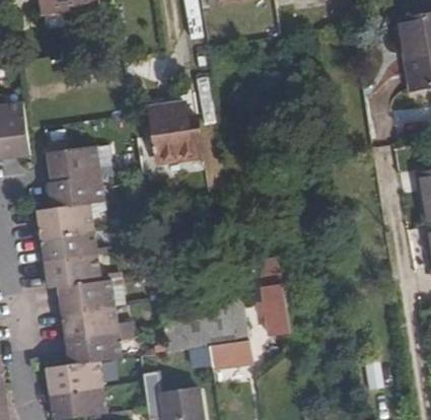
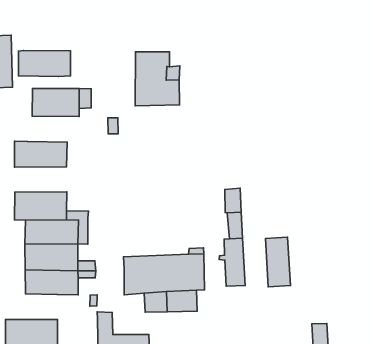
building: [50,176,105,207] -> [18,51,71,76]
building: [43,228,98,260] -> none
building: none -> [266,237,291,287]
building: [48,359,103,391] -> none

